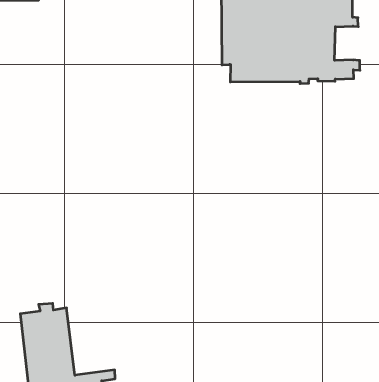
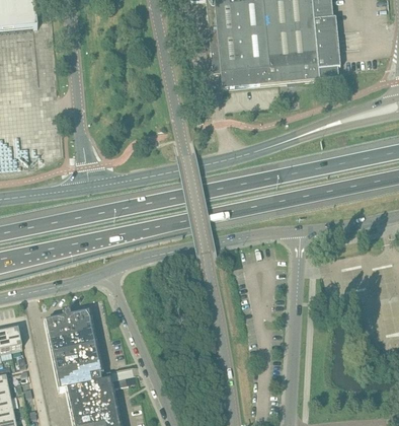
building: none -> [315,26,339,60]

